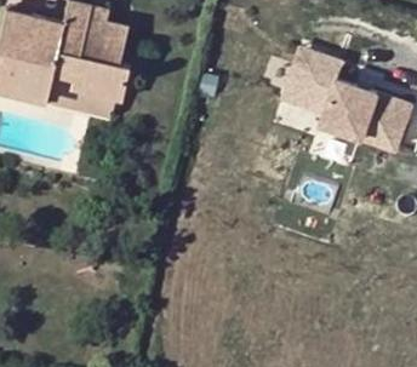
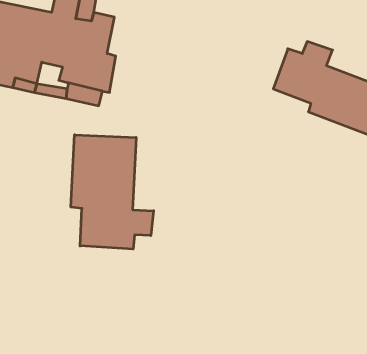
building: none -> [71,135,154,249]

